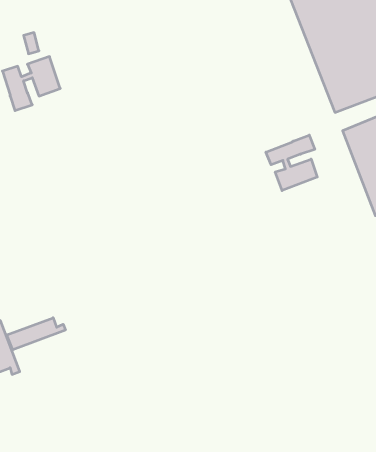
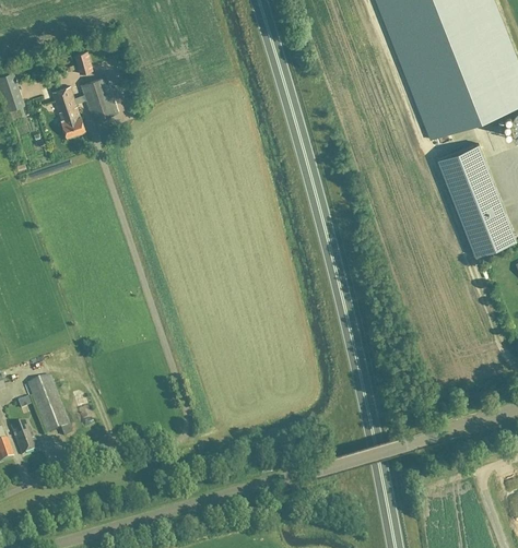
building: [266,135,317,191] -> none
building: [7,318,65,350] -> none

